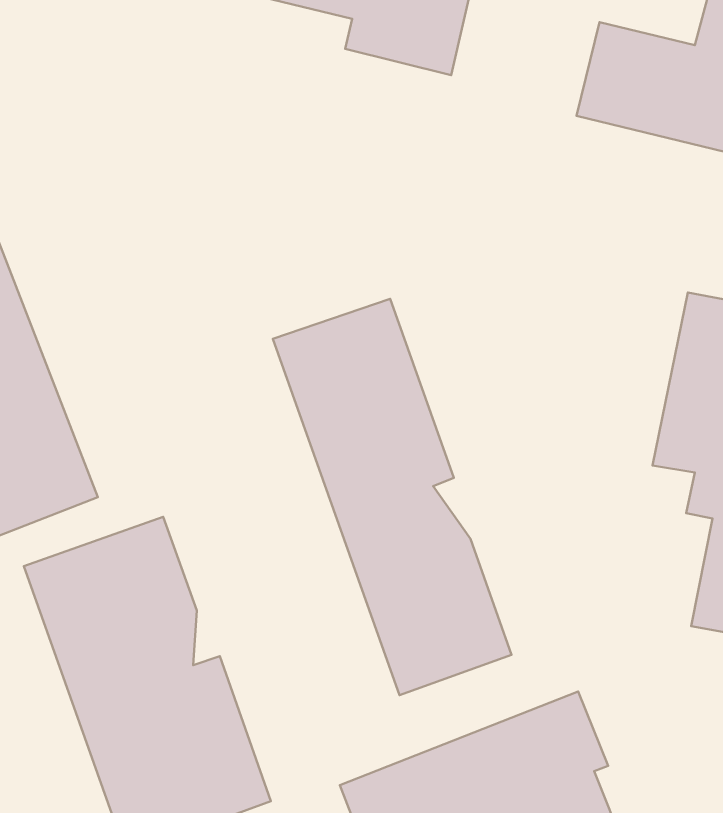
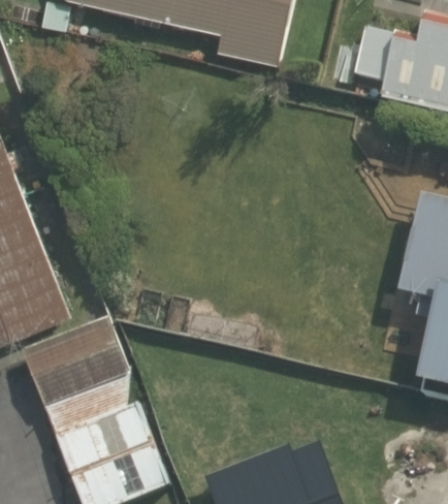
building: [273,299,511,695] -> none

